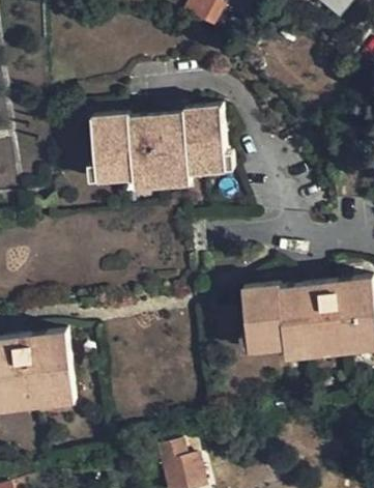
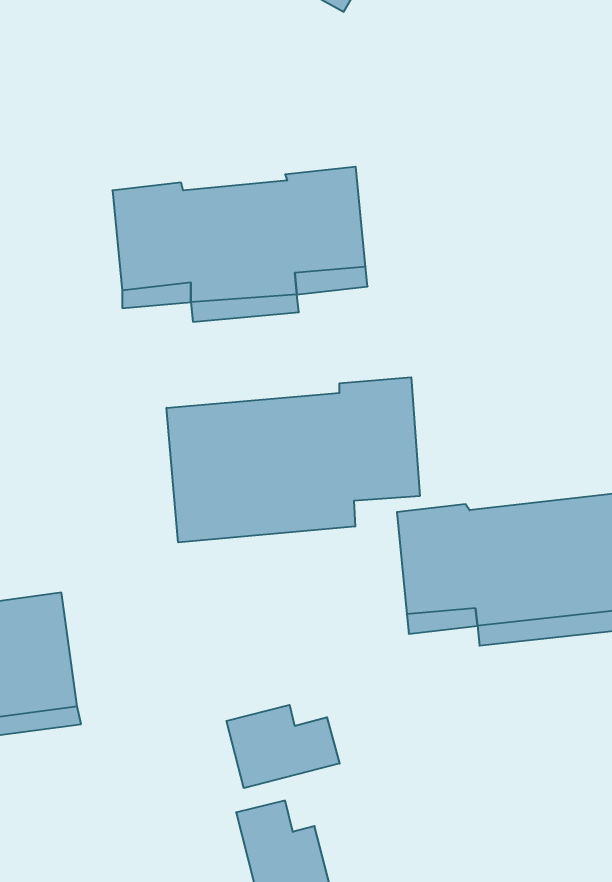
building: none -> [167,377,420,542]
building: none -> [226,705,340,788]

